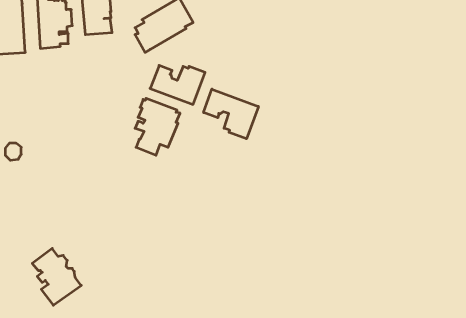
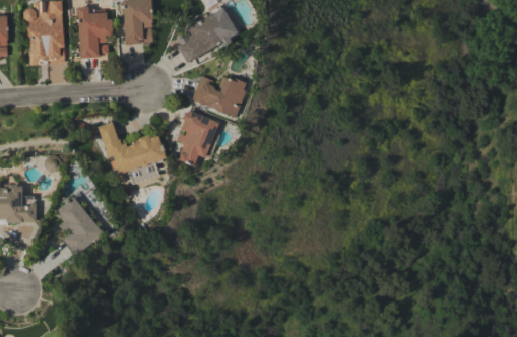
building: [204,89,258,139] -> none
building: none -> [96,122,166,185]
building: [32,248,81,305] -> [53,197,103,255]

